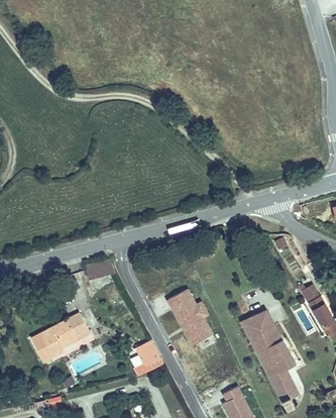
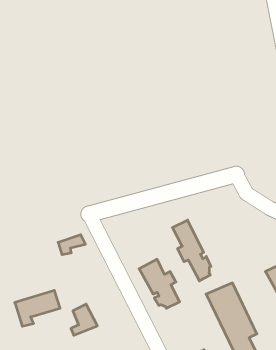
building: none -> [172,220,211,281]
building: [132,344,160,378] -> [71,304,97,335]

